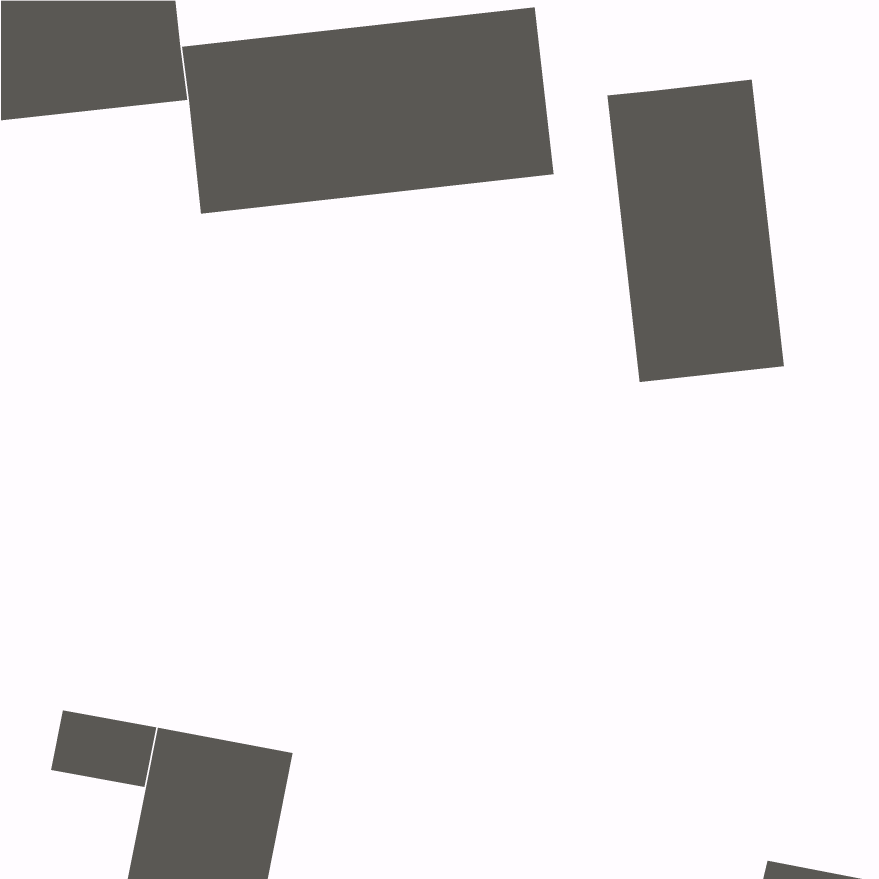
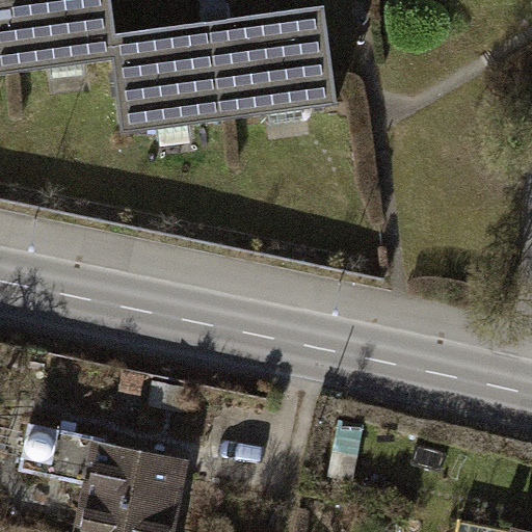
building: [607,79,784,383] -> none

